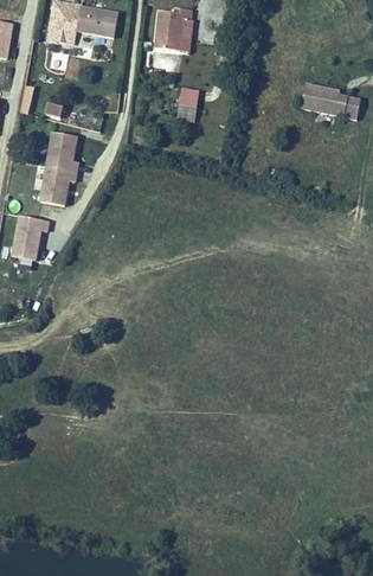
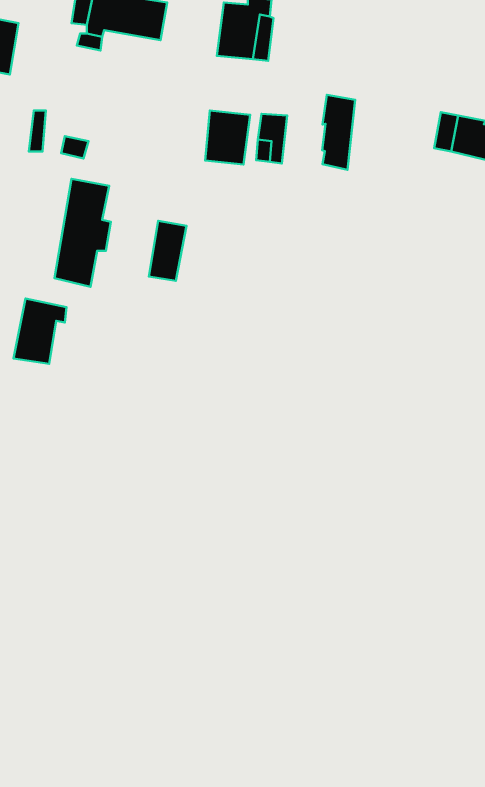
building: none -> [322,95,355,170]
building: none -> [205,111,250,164]
building: none -> [149,221,186,281]

